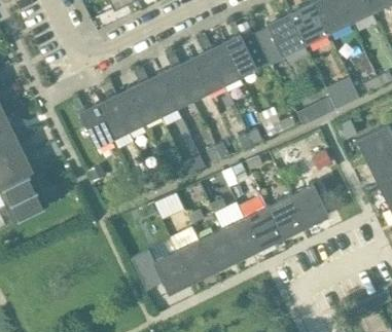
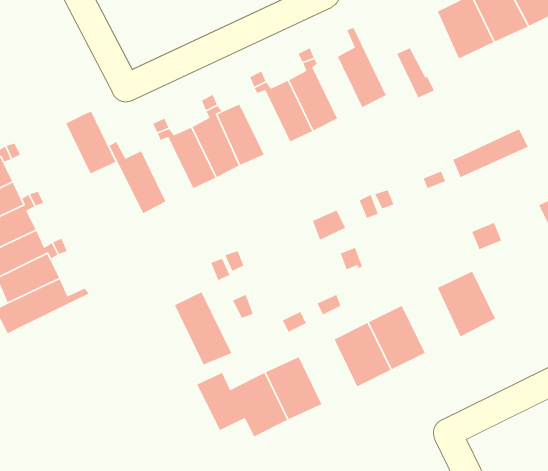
building: [265,13,304,57] -> none
building: [208,43,240,84] -> none
building: [159,66,192,108] -> none
building: [95,97,129,139] -> [65,111,117,175]
building: [266,195,305,238] -> none
building: none -> [174,291,232,366]
building: [199,229,237,272] -> none

